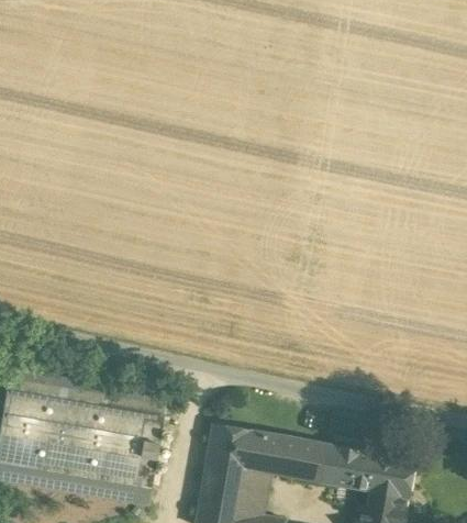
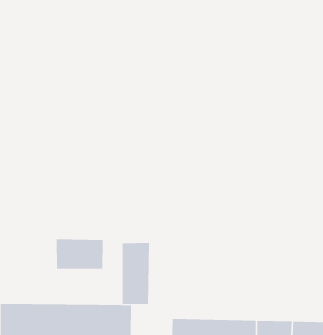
building: none -> [56,239,103,270]
building: none -> [122,242,150,305]

